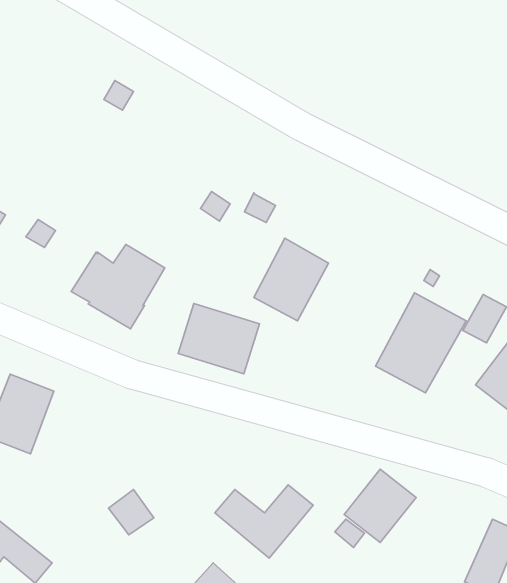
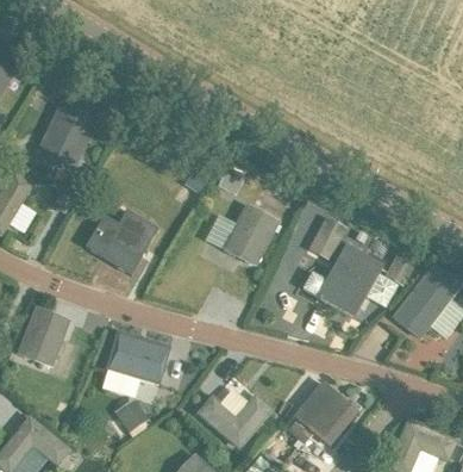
building: none -> [36,103,98,173]
building: none -> [308,212,345,254]
building: [178,304,259,374] -> [108,330,170,384]

